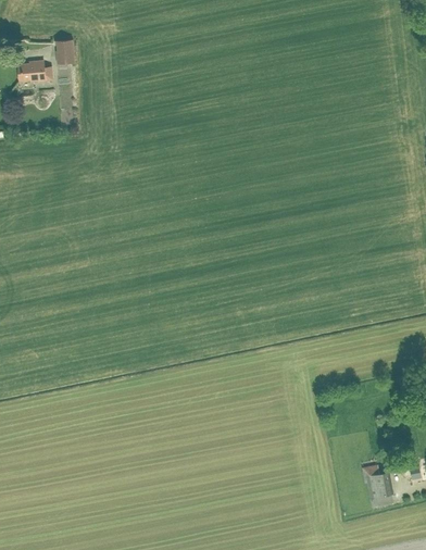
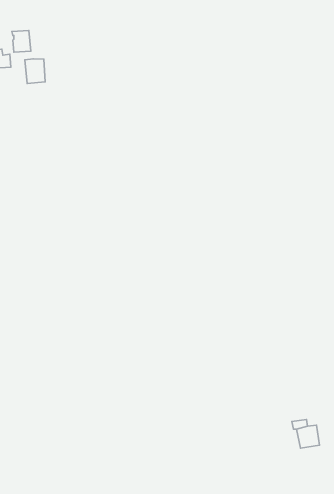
building: none -> [25,59,45,83]

